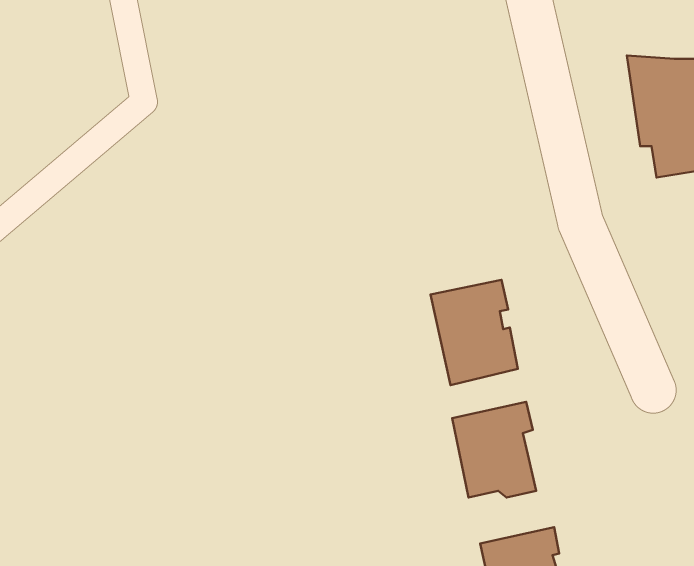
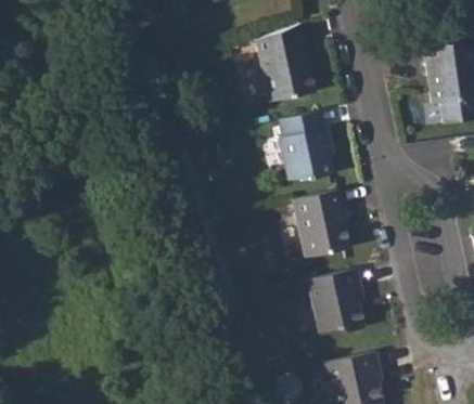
building: none -> [255,23,315,102]
building: none -> [279,110,332,179]

